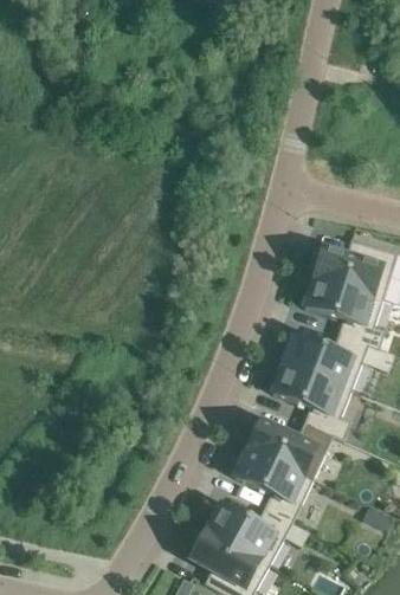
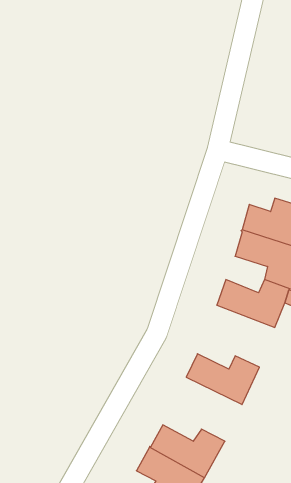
building: [273,362,351,439] -> none
building: [234,446,314,520] -> none

